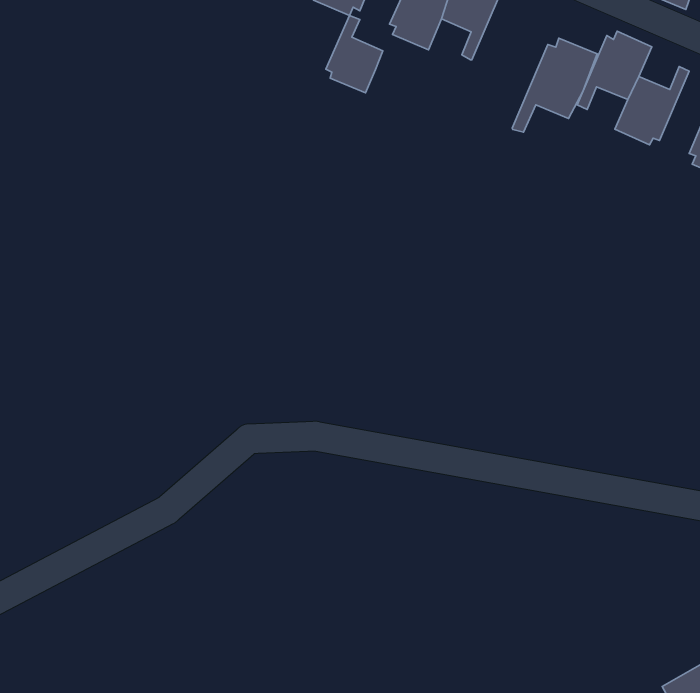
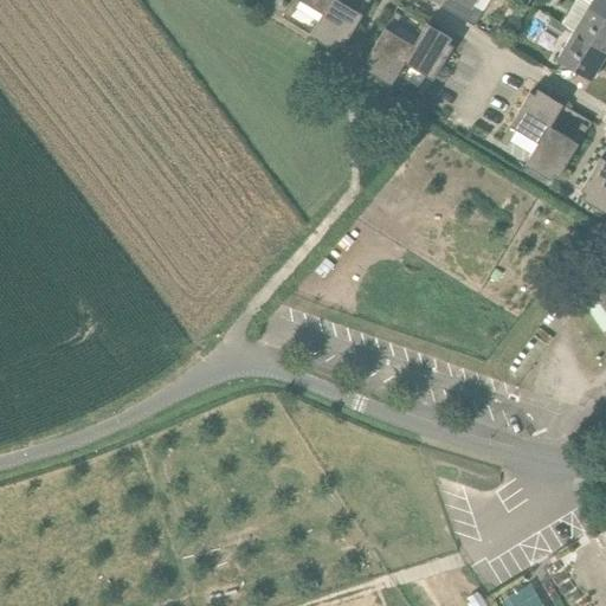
building: [326,15,383,93] -> none
building: [512,38,597,132] -> none

